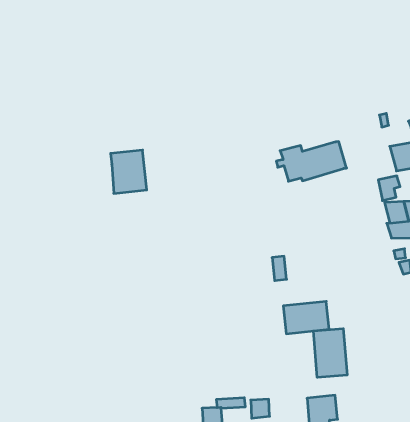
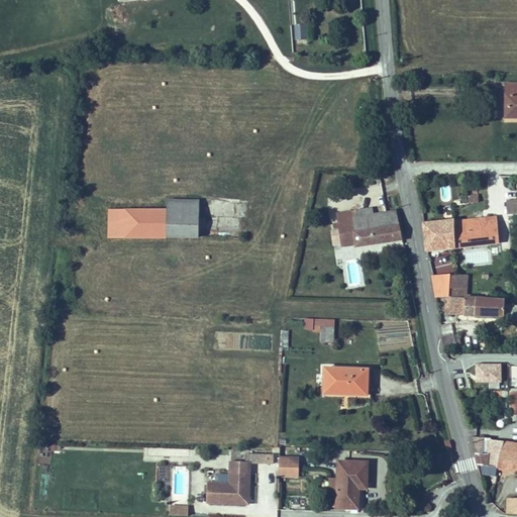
building: none -> [421,218,451,246]
building: none -> [107,208,168,238]
building: [313,329,347,377] -> none

